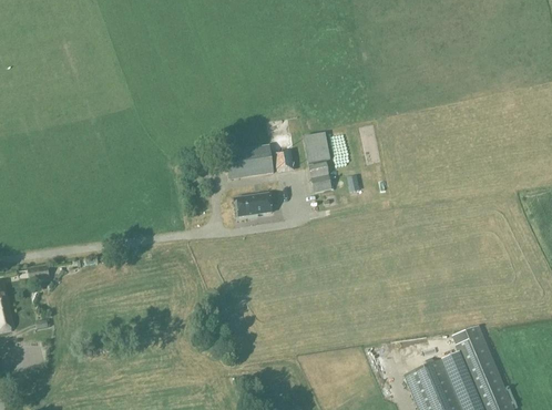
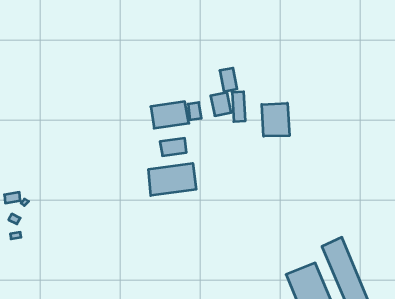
building: none -> [262,103,289,136]
building: [309,162,333,193] -> [220,68,237,91]
building: none -> [149,163,196,196]

